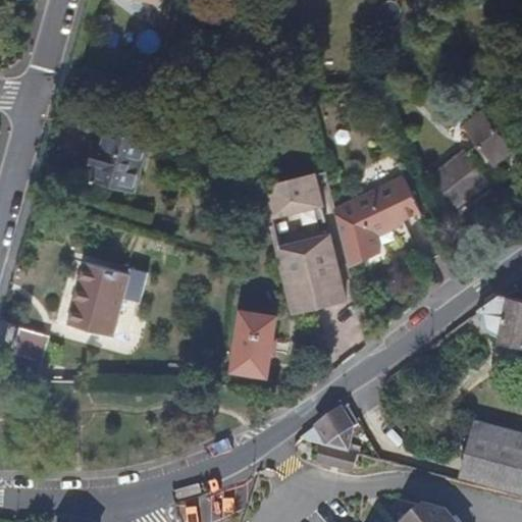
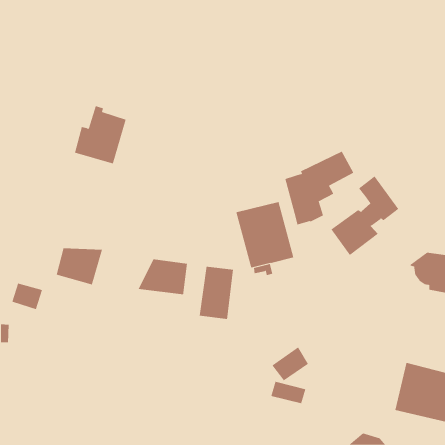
building: [434,115,515,209] -> [330,176,399,256]
building: [260,175,319,219] -> none
building: [74,260,126,292] -> none
building: none -> [138,258,187,295]

